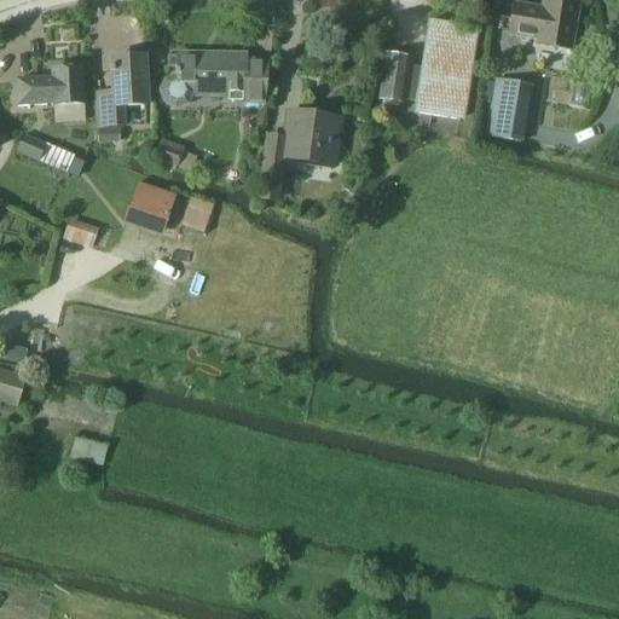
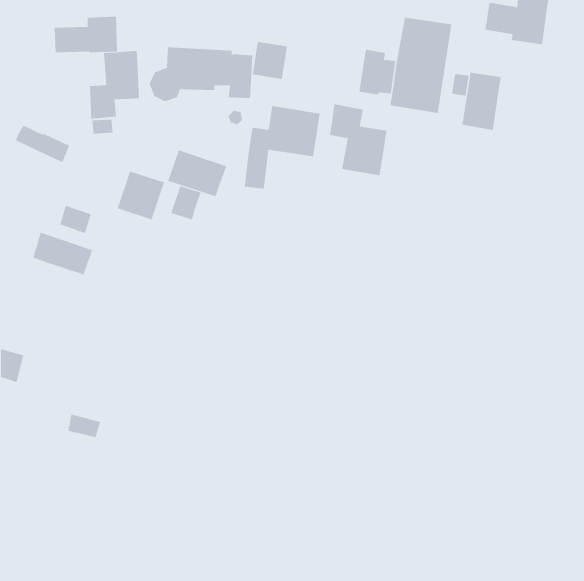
building: none -> [252,41,288,80]
building: [17,65,85,104] -> [54,16,118,53]
building: none -> [329,104,387,176]
building: none -> [168,150,227,197]
building: none -> [32,232,93,276]

